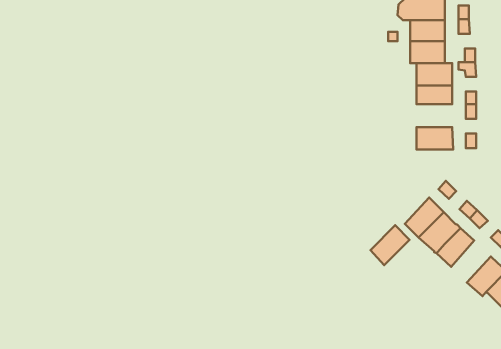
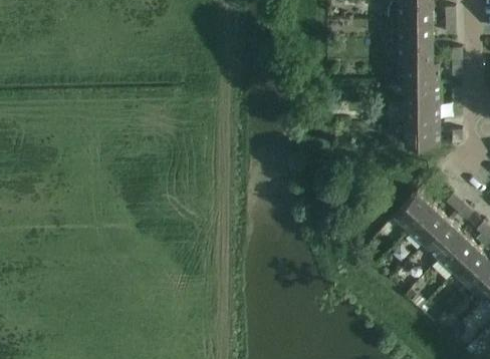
building: none -> [405,102,439,124]
building: [371,225,410,265] -> none
building: none -> [438,233,476,273]

